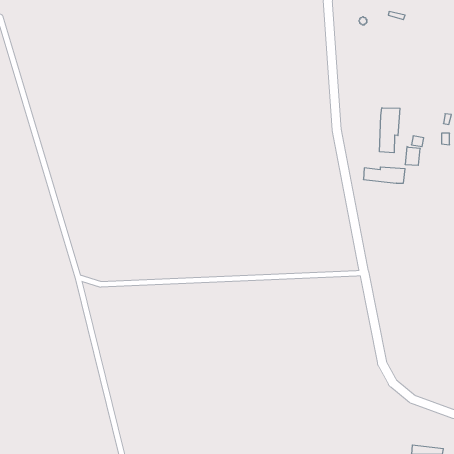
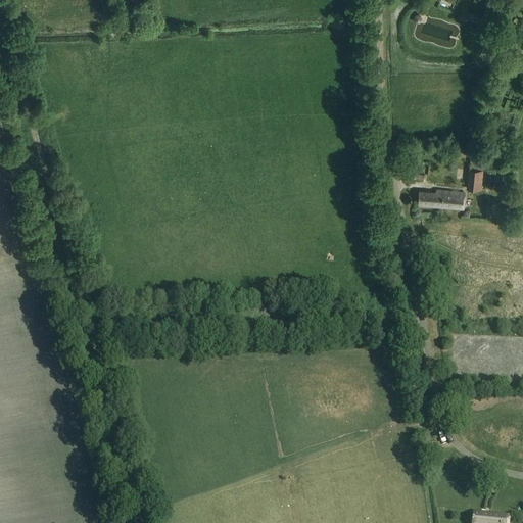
building: [380,108,400,153] -> none

